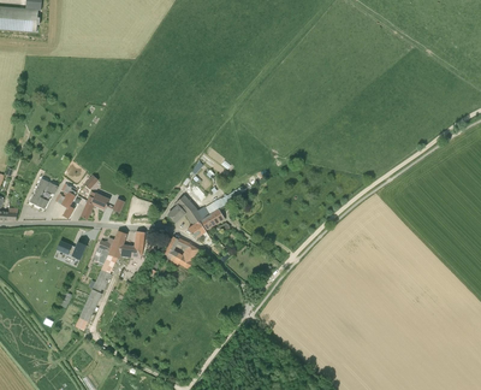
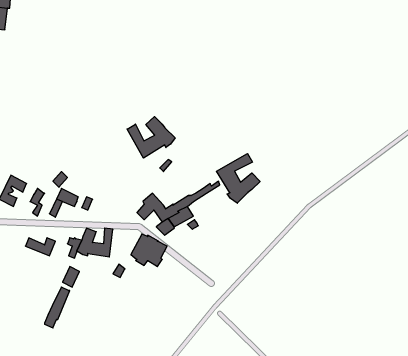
building: none -> [127,117,175,158]
building: none -> [216,154,260,203]

